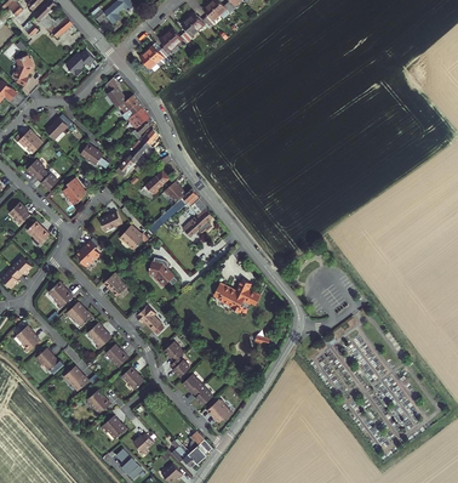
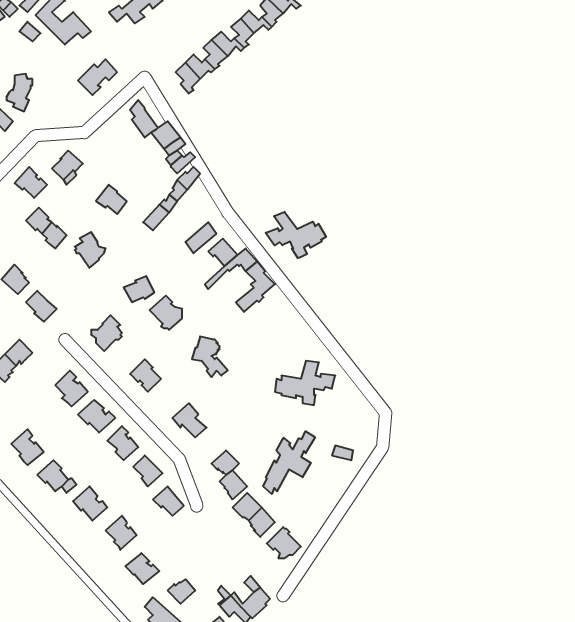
building: none -> [266,212,326,258]
building: none -> [263,431,315,494]

